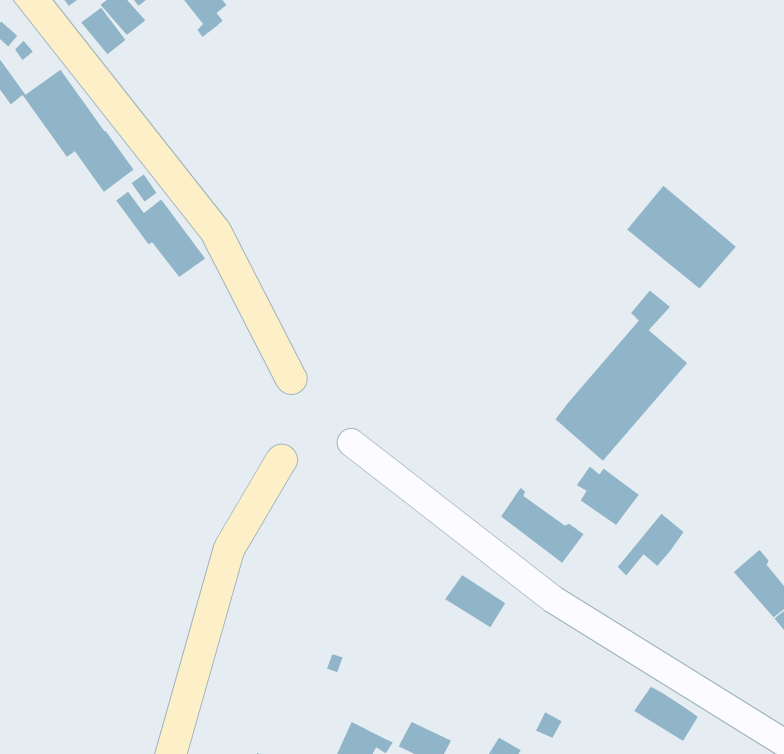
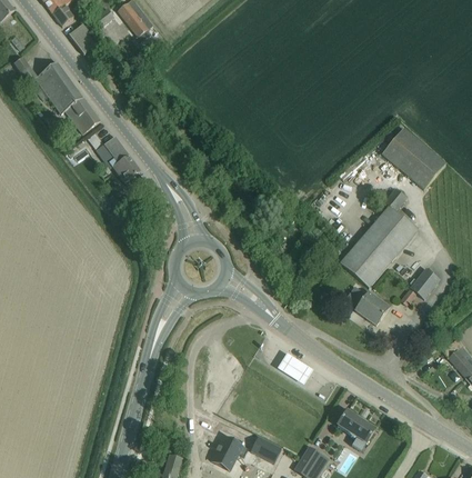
building: [500,487,585,564] -> none
building: [617,513,685,577] -> [400,269,439,306]
building: [633,686,699,742] -> [337,411,374,444]

